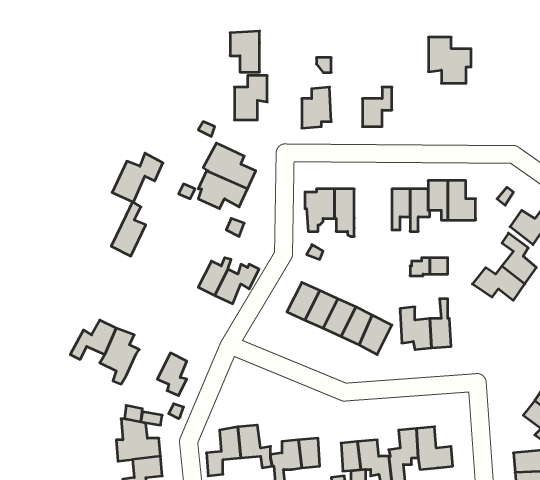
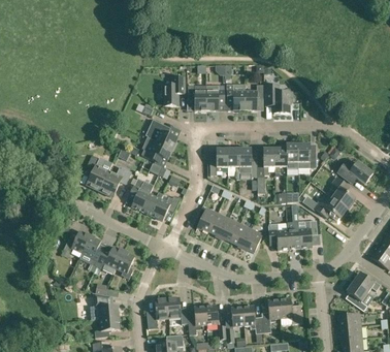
building: [230,31,260,72] -> [188,84,206,109]
building: [428,37,471,83] -> [265,84,292,113]
building: none -> [226,83,245,108]
building: [112,153,163,202] -> [99,165,131,196]
building: none -> [239,148,257,177]
building: none -> [128,177,154,210]
building: none -> [299,219,320,247]
building: none -> [96,246,124,274]

